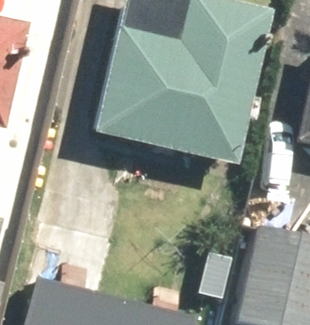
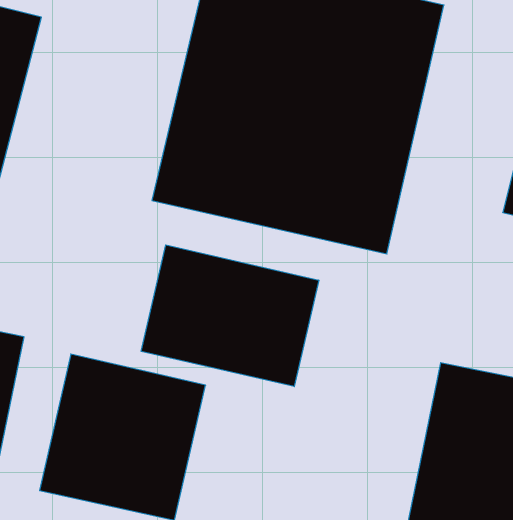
building: none -> [141,245,319,387]

